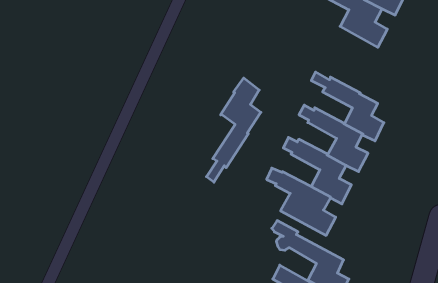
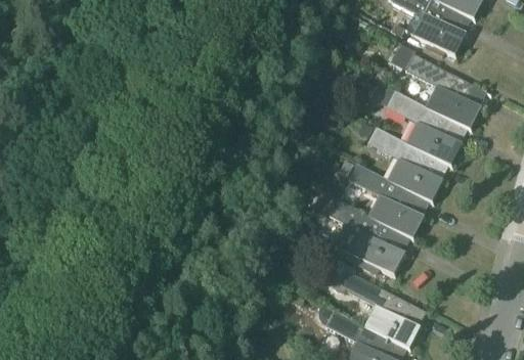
building: none -> [395,47,478,131]
building: [206,78,261,182] -> none

